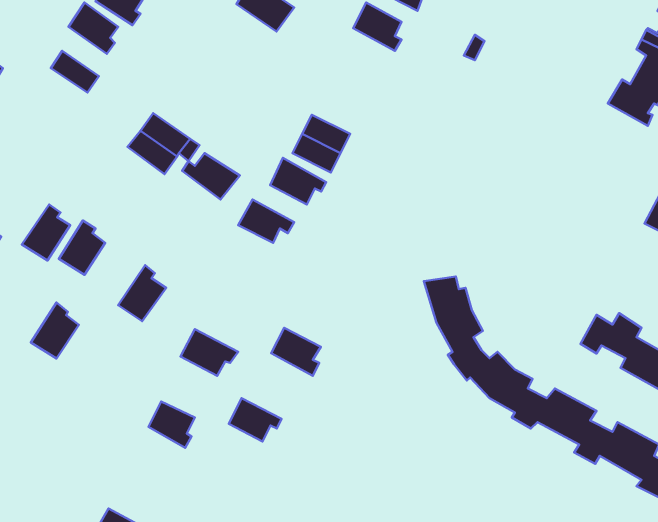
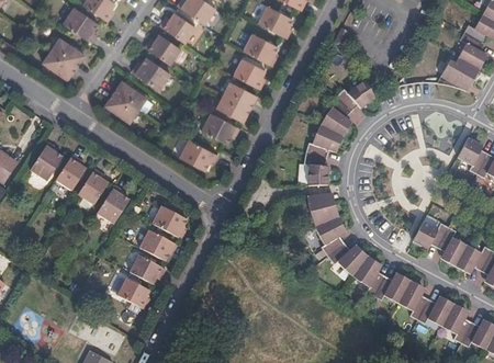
building: none -> [160,13,197,44]
building: none -> [243,33,278,66]
building: none -> [144,34,182,65]
building: none -> [42,50,76,80]
building: none -> [233,58,266,89]
building: none -> [304,80,375,186]
building: [182,153,240,200] -> [132,57,171,89]
building: [31,302,79,358] -> [77,168,110,206]
building: [271,328,321,376] -> [153,206,187,239]
building: [229,398,282,441] -> [130,254,166,284]

